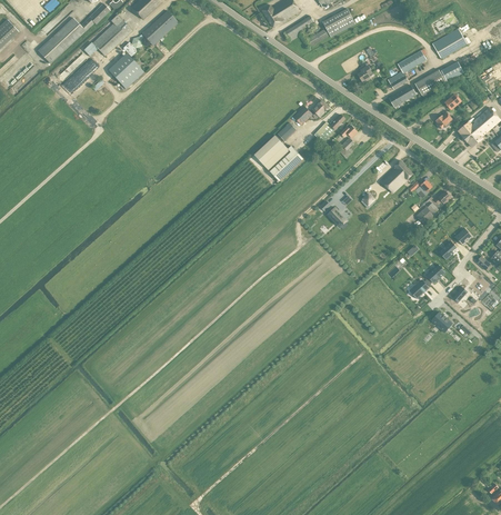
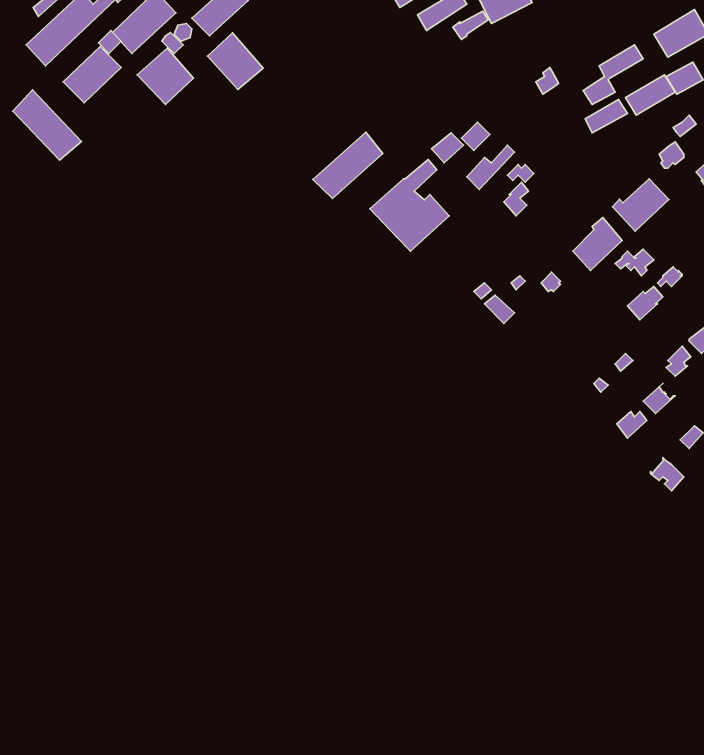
building: none -> [207,33,263,89]
building: none -> [13,90,81,160]
building: none -> [313,132,383,199]
building: none -> [612,179,669,231]

